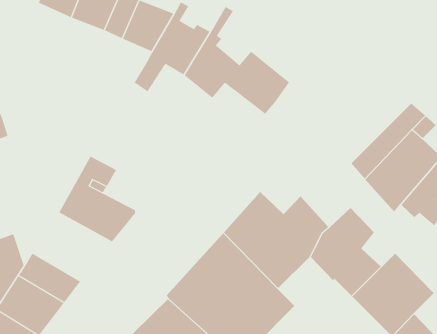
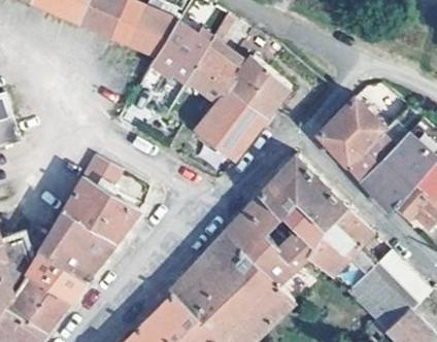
building: none -> [192,88,265,162]
building: none -> [318,95,385,165]
building: none -> [260,153,347,227]
building: none -> [38,212,116,279]

